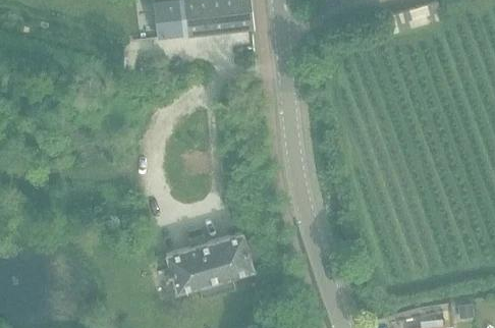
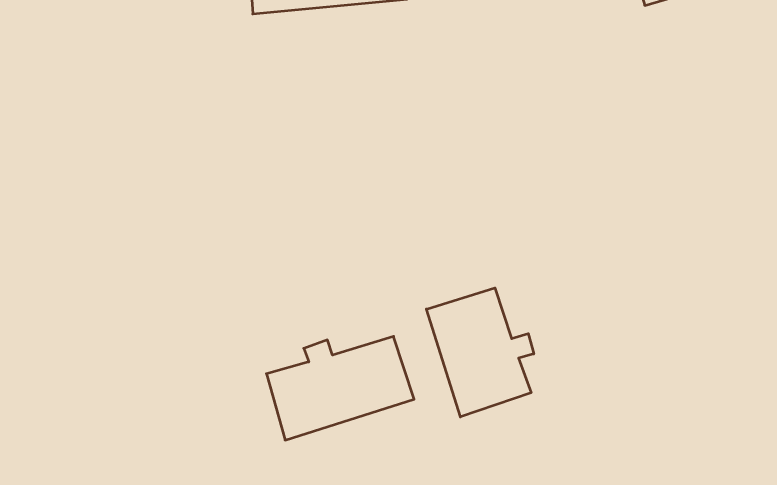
building: none -> [426,288,534,417]

